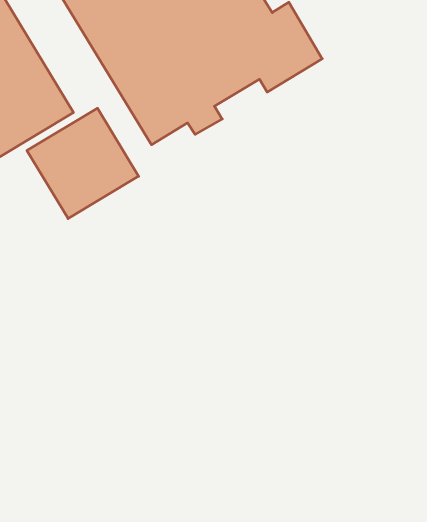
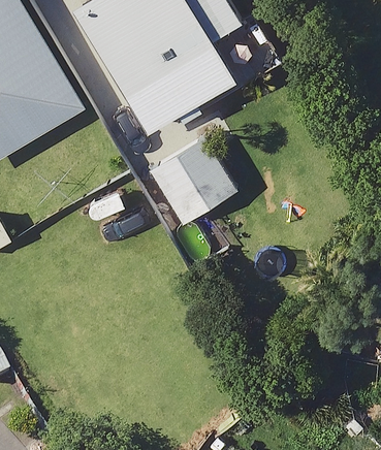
building: [27,108,139,219] -> [147,136,236,225]

